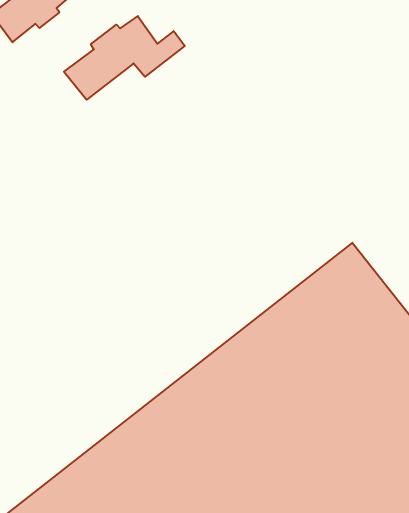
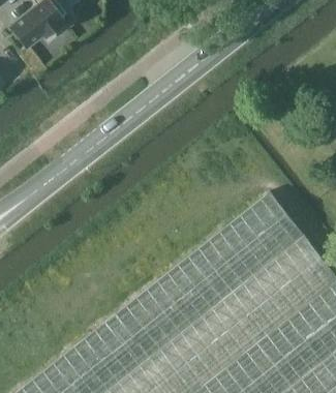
building: [64,16,185,100] -> none

